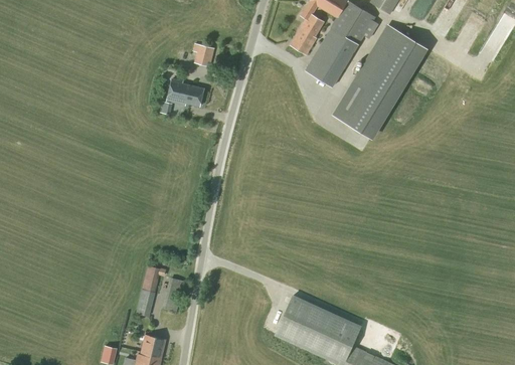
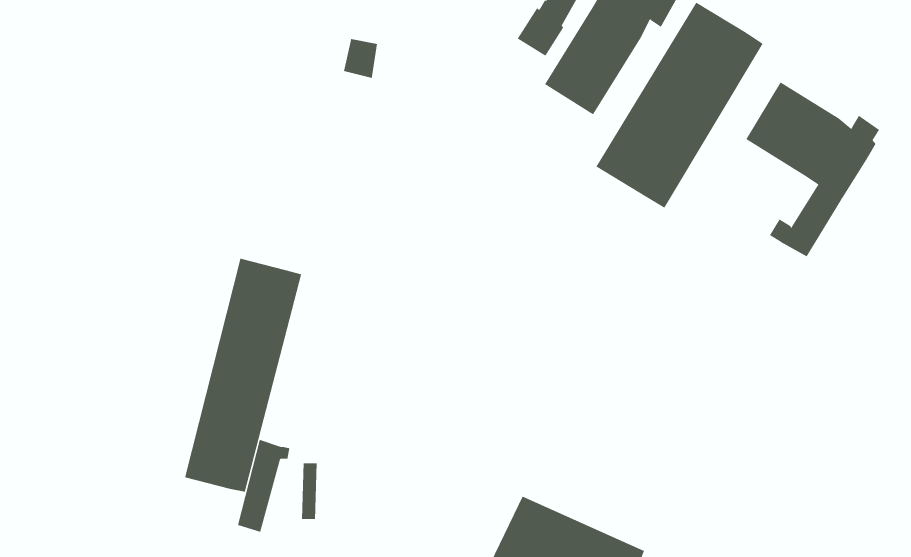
building: none -> [745,81,880,257]
building: [166,78,204,106] -> none
building: none -> [184,258,302,492]

